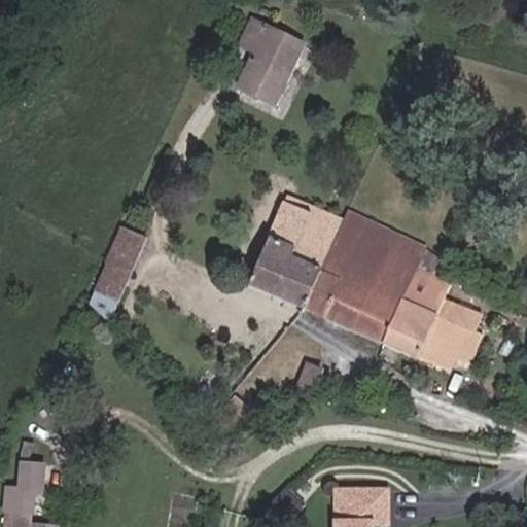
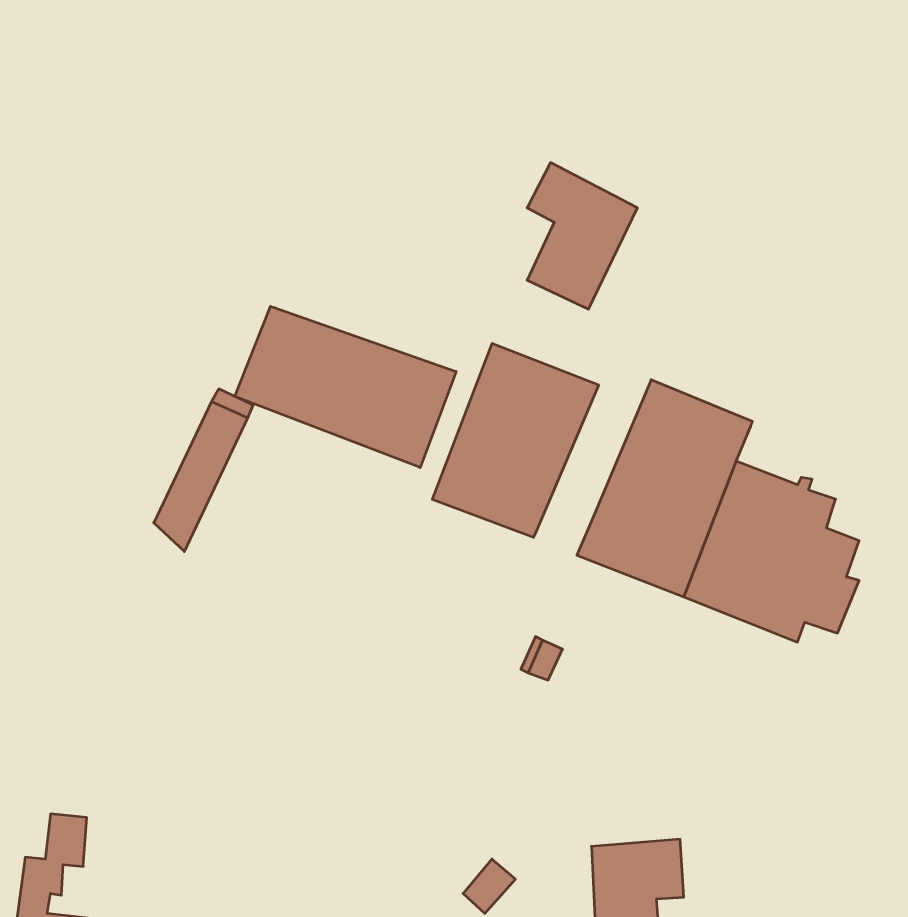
building: [236,23,298,106] -> [527,163,637,309]
building: none -> [235,306,456,468]
building: [304,211,371,320] -> none

